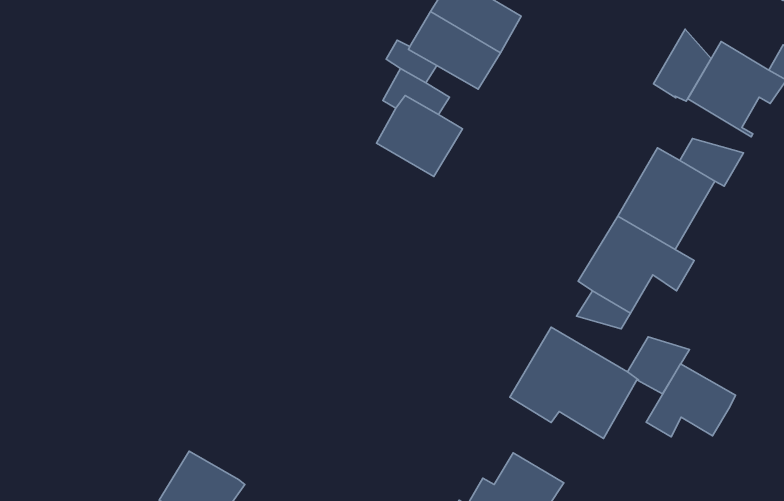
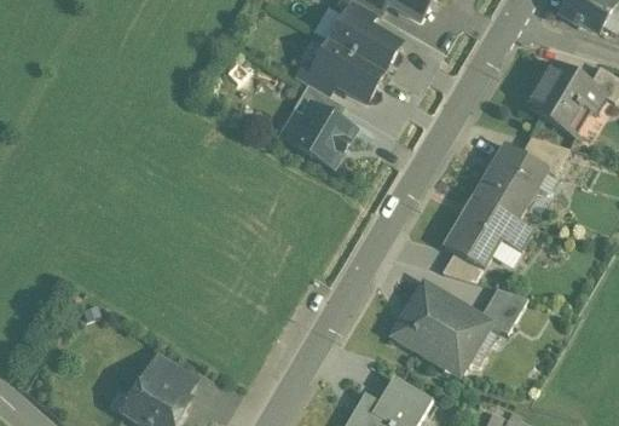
building: [654,29,711,101] -> none
building: [646,364,736,437] -> none
building: none -> [146,356,195,397]

